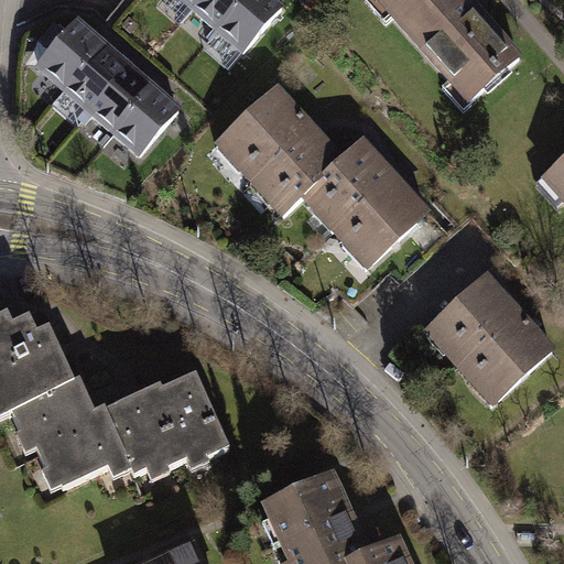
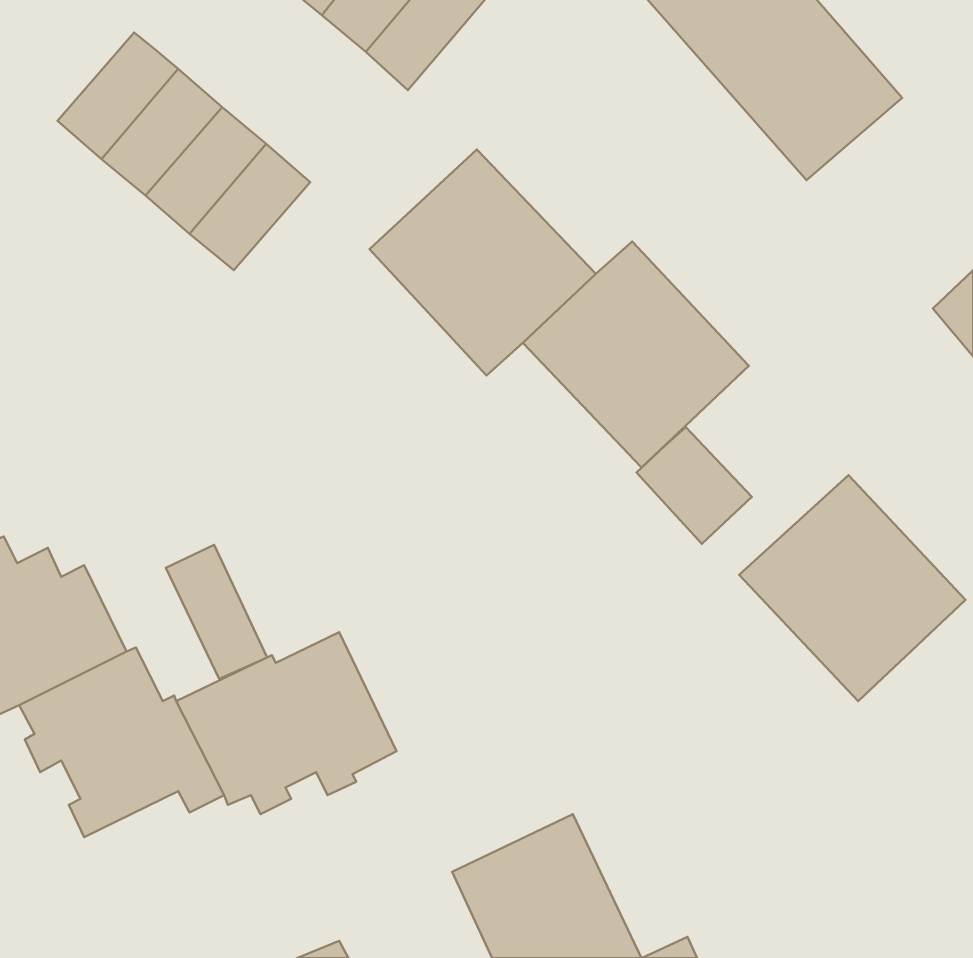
building: none -> [636,427,752,544]
building: none -> [166,545,267,679]

